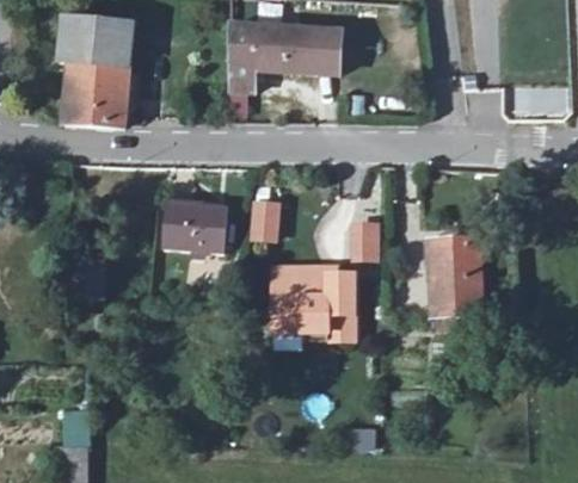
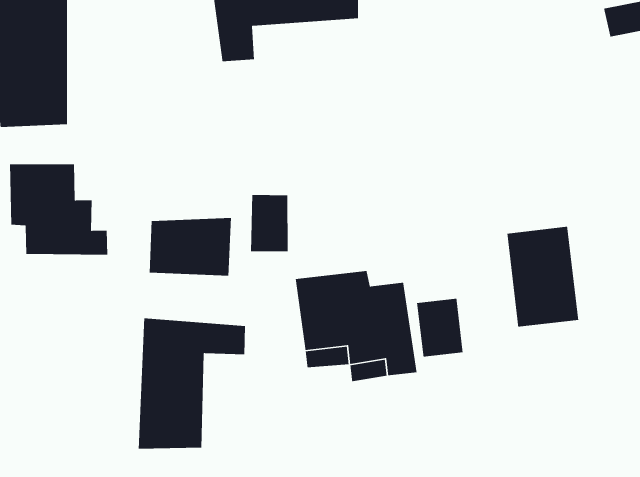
building: none -> [9,163,108,255]
building: [344,217,375,259] -> [416,298,464,358]
building: none -> [138,317,246,449]

